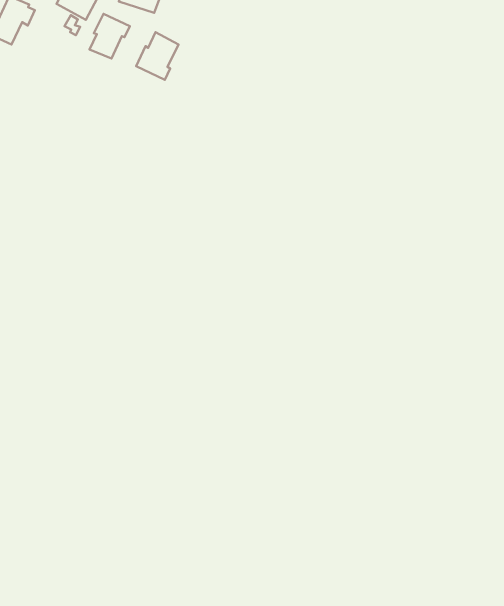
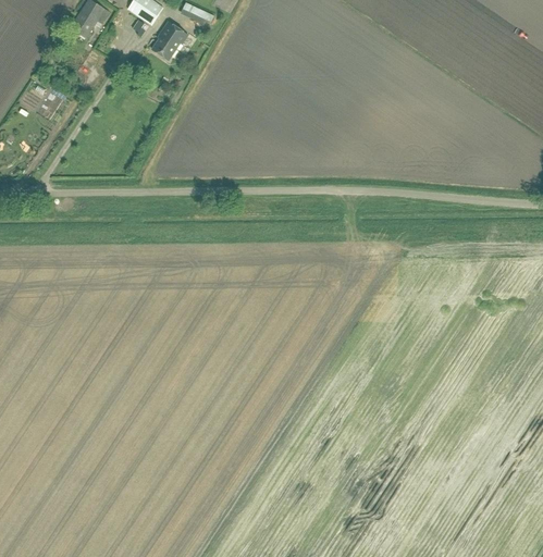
building: [136,32,178,80] -> none

